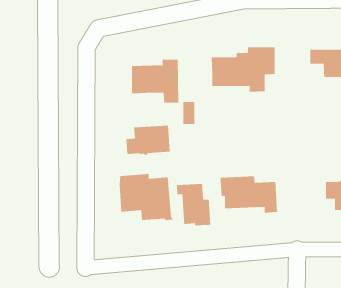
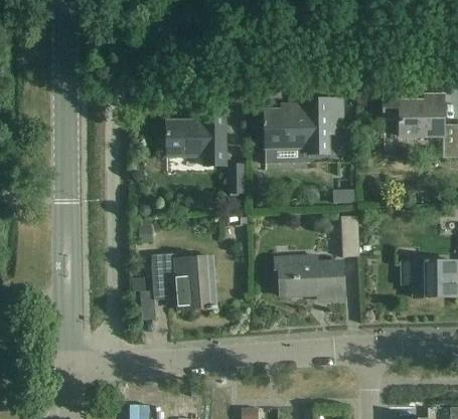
building: [126,125,170,156] -> none
building: none -> [340,215,359,257]
building: [176,183,211,226] -> none

